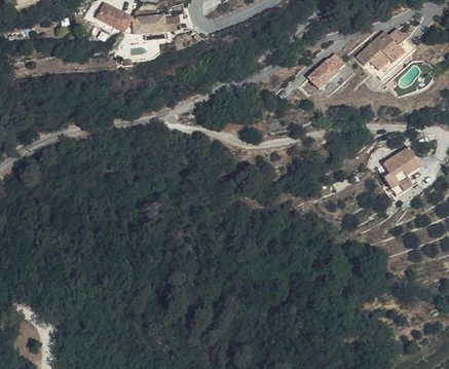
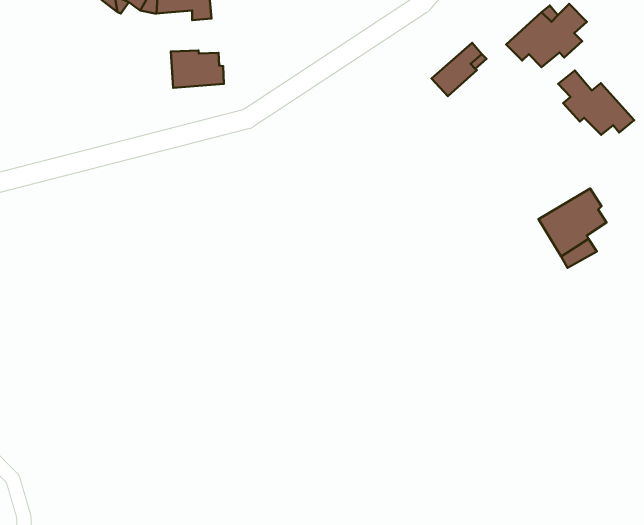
building: none -> [171,50,224,88]
building: none -> [558,71,634,135]

